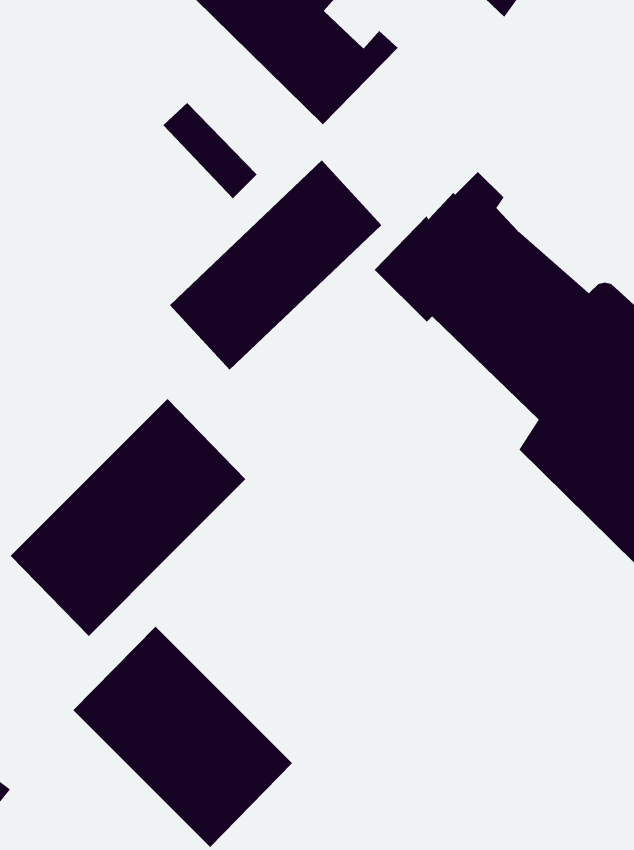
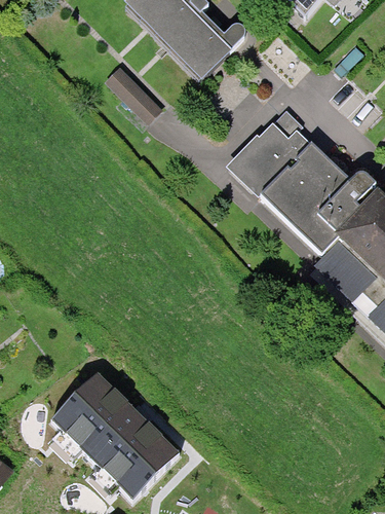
building: [169,160,382,371] -> none
building: [10,398,246,637] -> none

